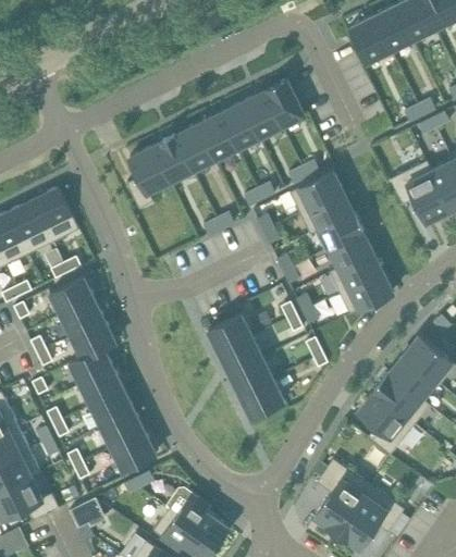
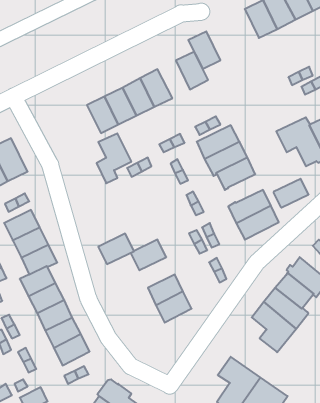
building: [241,91,281,138] -> [188,31,220,69]
building: [126,147,170,209] -> [97,133,131,183]
building: [329,233,372,269] -> [274,179,309,208]
building: [218,336,262,374] -> [98,234,134,264]

